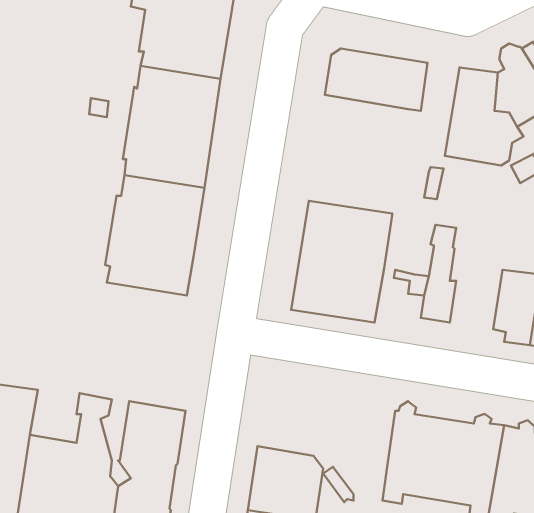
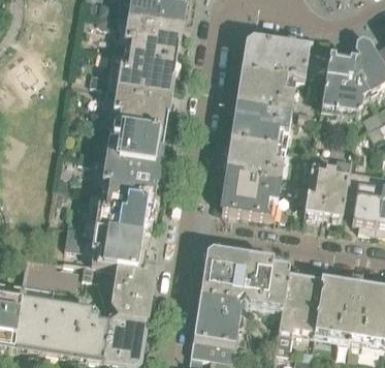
building: none -> [232,67,296,144]
building: none -> [323,154,351,217]
building: none -> [62,188,155,319]
building: none -> [199,246,289,307]

